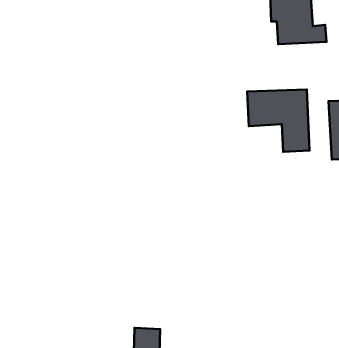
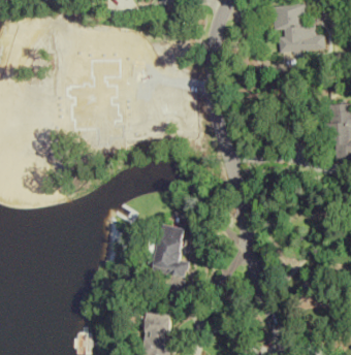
building: [247,90,309,152] -> none
building: none -> [152,223,187,275]

